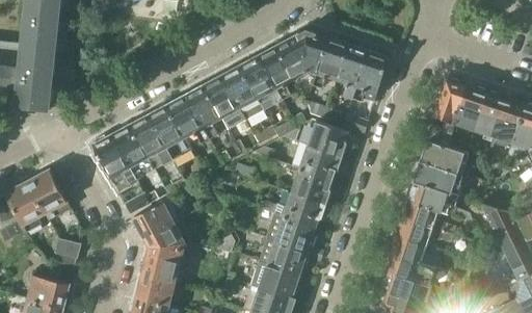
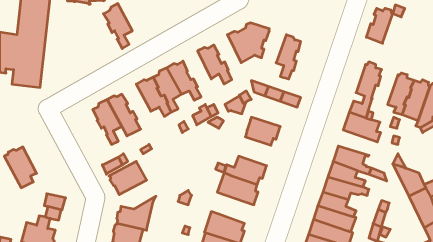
building: [312,42,349,88] -> none
building: [261,46,294,101] -> none
building: [352,54,387,103] -> none
building: [223,66,263,122] -> none
building: [453,88,485,131] -> [366,8,393,43]
building: [149,106,184,161] -> [103,4,132,49]
building: [307,122,347,158] -> none
building: [94,137,136,187] -> none
building: [413,162,460,193] -> none
building: [291,171,330,206] -> none
building: [28,172,70,221] -> none
building: [145,224,190,259] -> none
building: [258,238,310,277] -> none

